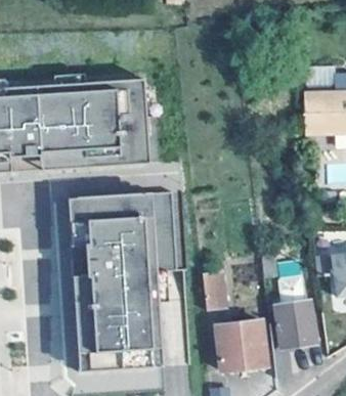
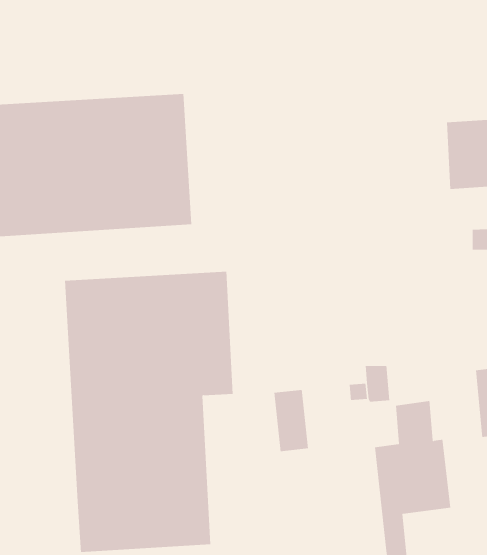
building: [216,318,265,368] -> none

